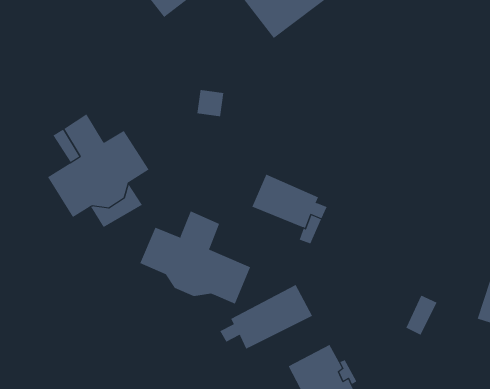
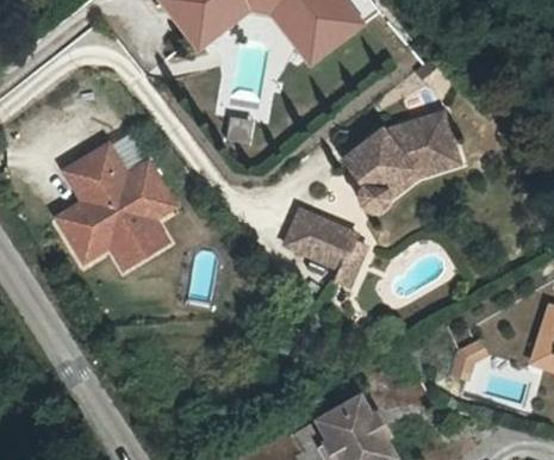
building: none -> [342,108,473,212]
building: [139,210,251,304] -> none
building: [220,284,313,350] -> none

